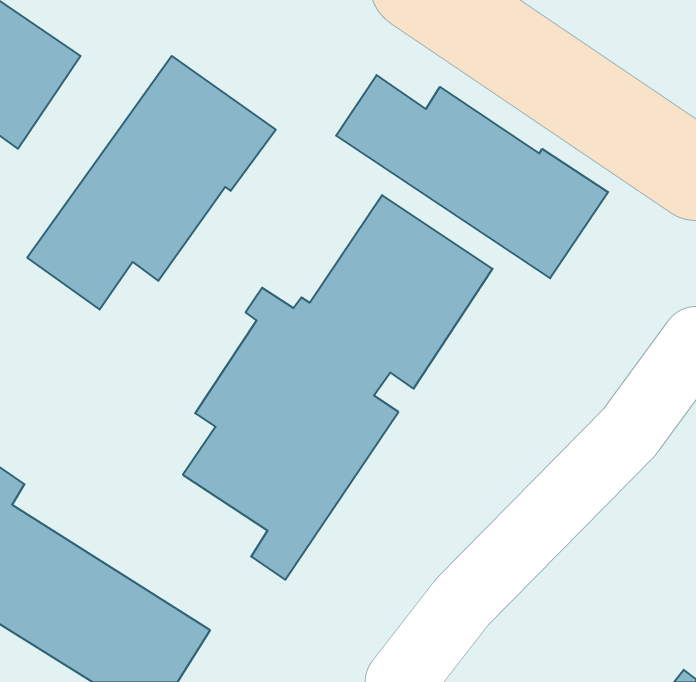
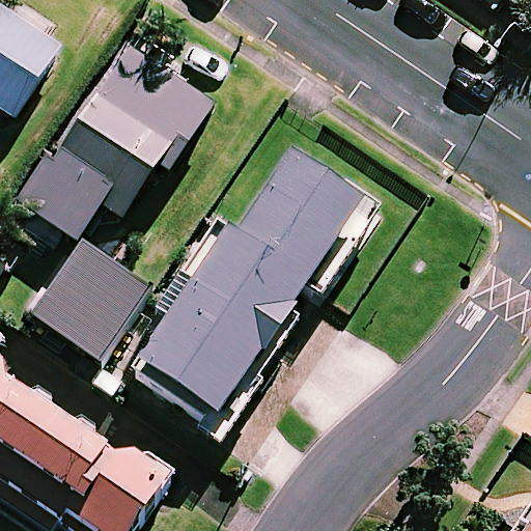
building: [336,75,608,278] -> none
building: none -> [31,235,149,356]

